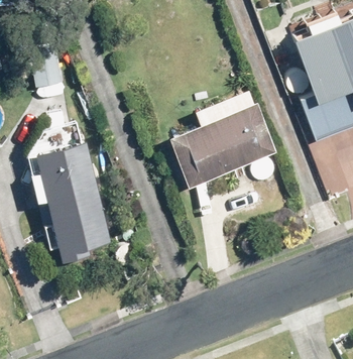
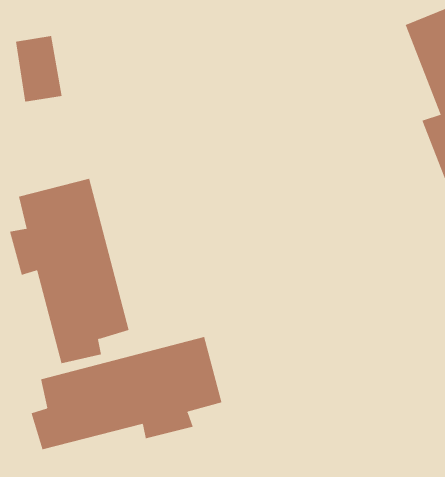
building: [168,102,278,189] -> none
building: none -> [31,336,222,450]

